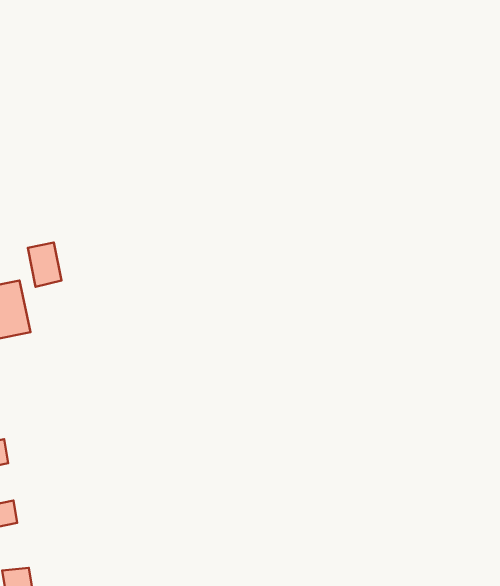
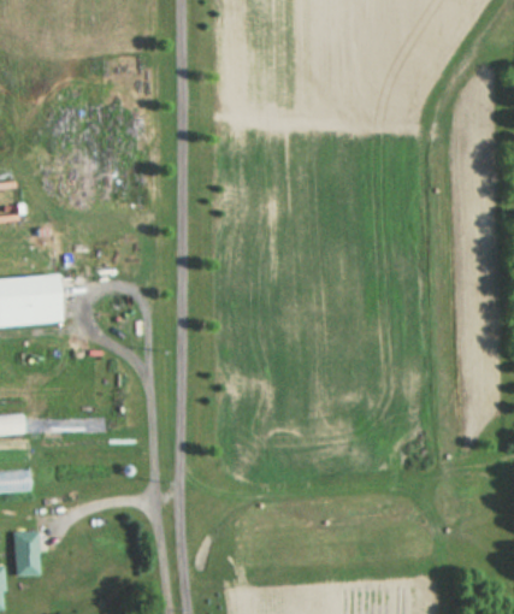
building: [28,243,61,287] -> none

